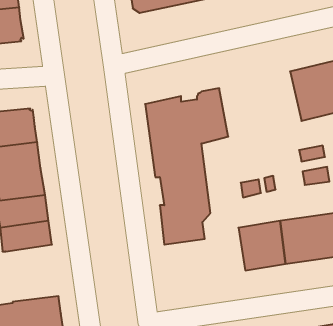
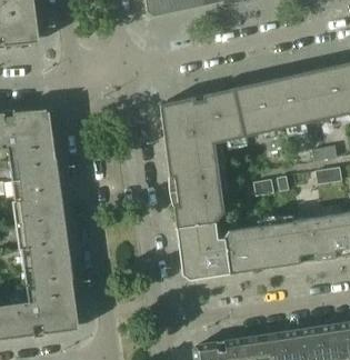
building: none -> [233,72,316,137]
building: none -> [180,227,260,279]
building: none -> [23,243,76,300]

